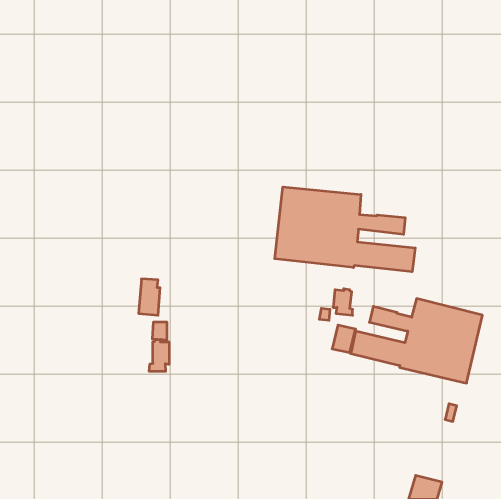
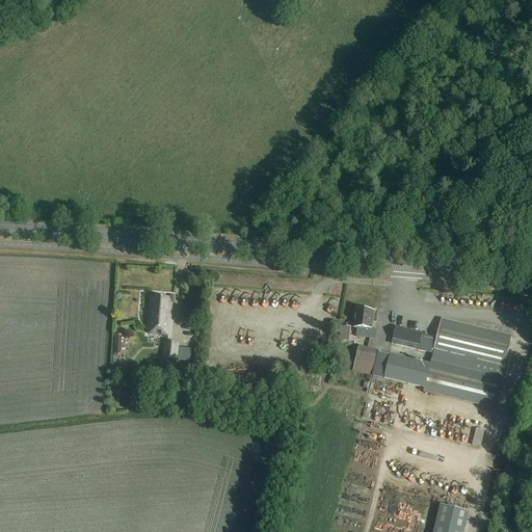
building: [275,187,415,272] -> none
building: [149,339,169,371] -> none

